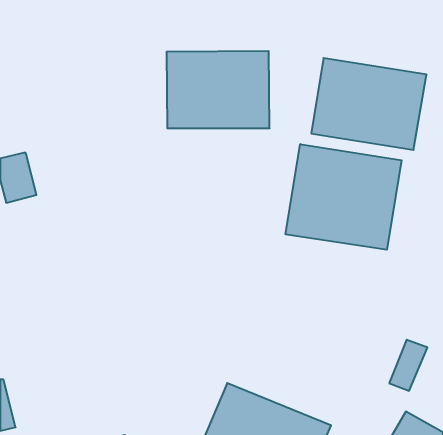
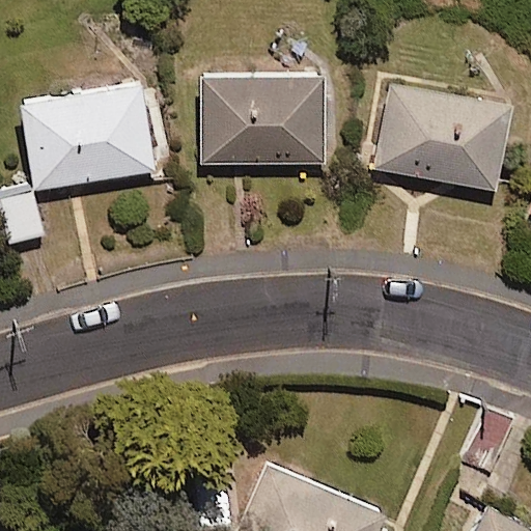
building: none -> [22,90,157,198]
building: [286,144,402,250] -> none

